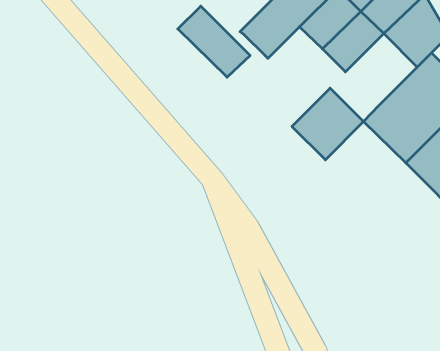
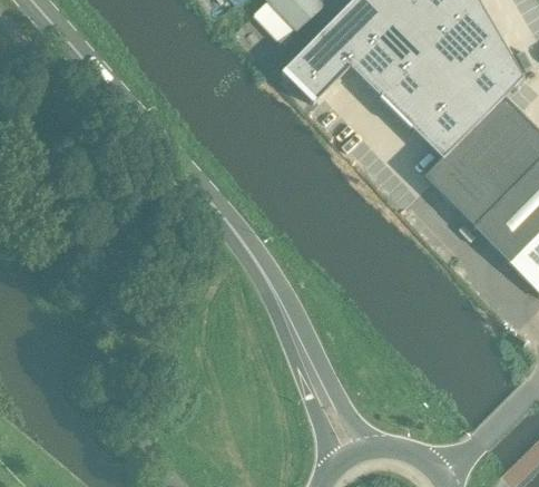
building: [178,6,250,77] -> none
building: [292,88,364,160] -> [403,74,487,157]

